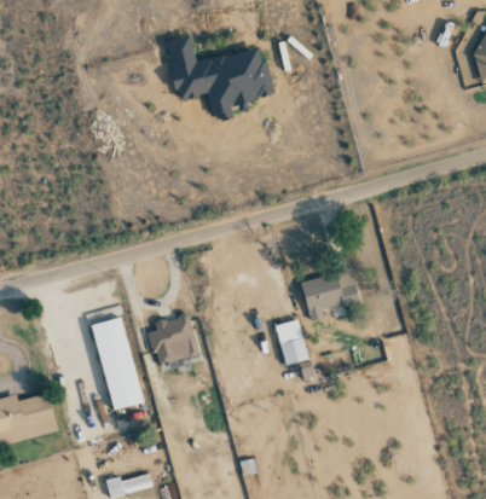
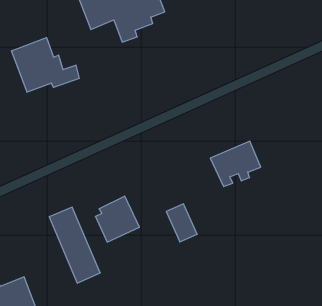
building: none -> [12,38,79,92]
building: [274,319,308,365] -> [166,204,197,242]

